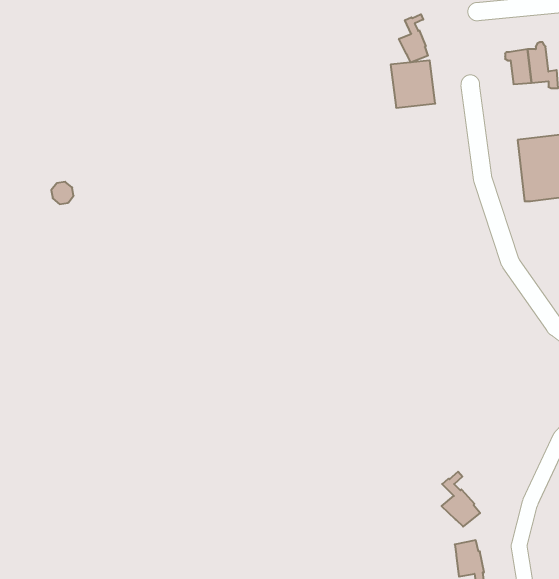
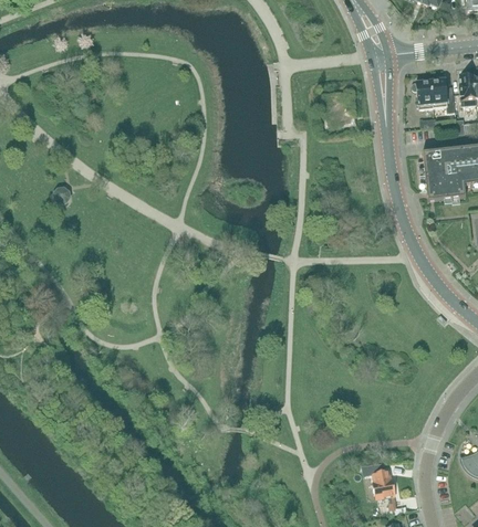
building: [399,14,428,62] -> none
building: [442,472,480,527] -> none

